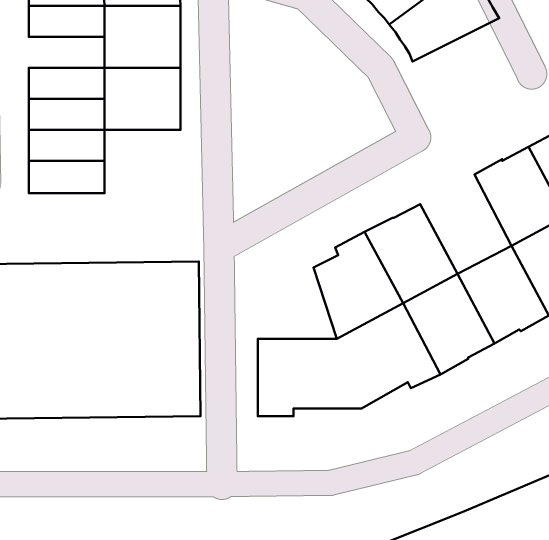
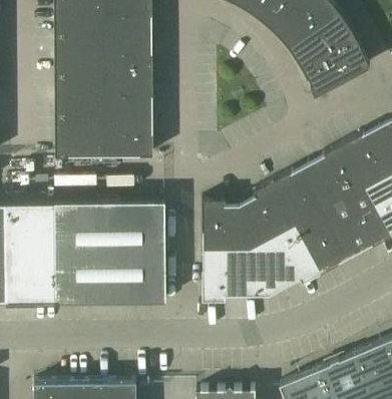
building: none -> [303,44,370,97]
building: none -> [54,56,103,76]
building: none -> [103,116,152,157]
building: none -> [308,145,367,210]
building: none -> [202,202,254,252]

